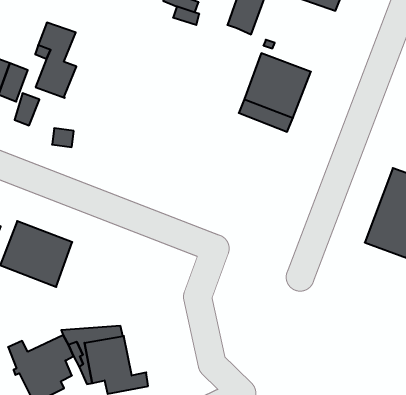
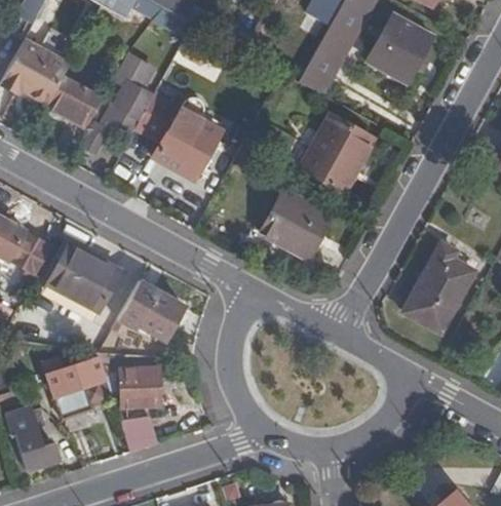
building: none -> [133,92,221,180]
building: none -> [261,191,332,259]
building: none -> [118,280,184,341]

